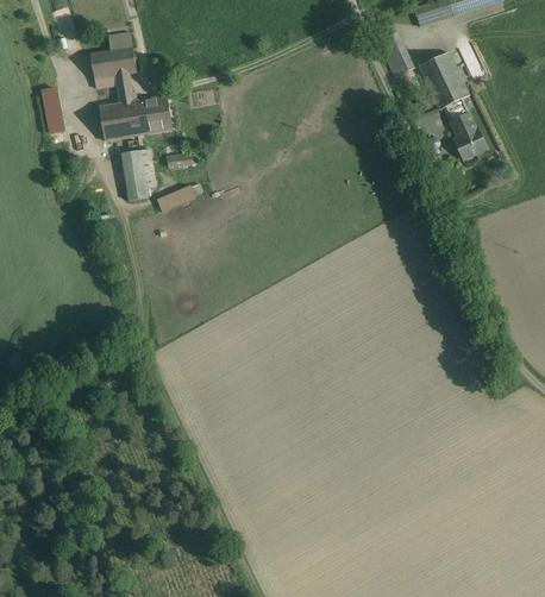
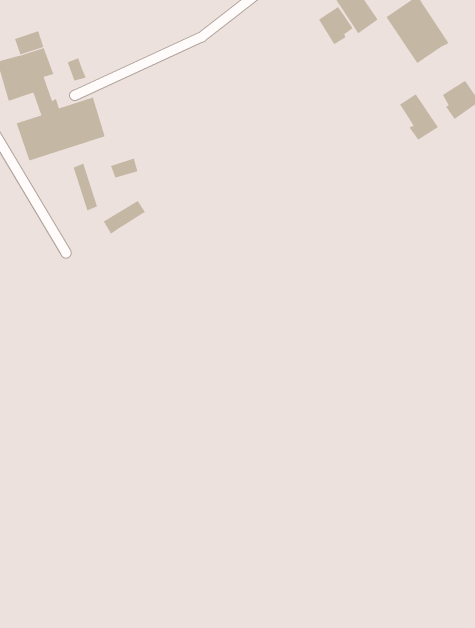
building: none -> [318,6,354,45]
building: [446,98,476,137] -> [399,93,439,140]
building: [121,150,148,200] -> none

